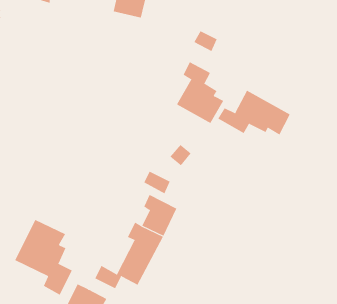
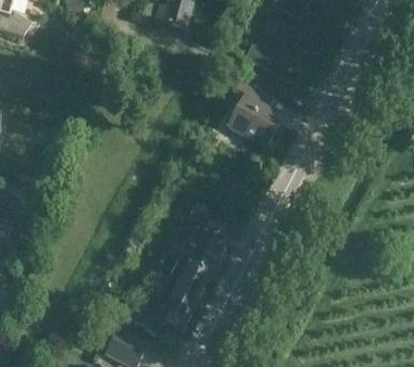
building: [217,90,291,135] -> none
building: [15,219,73,295] -> none

